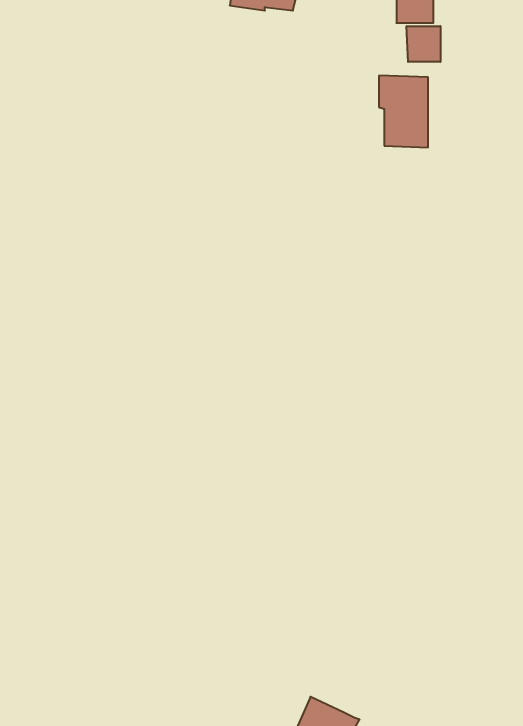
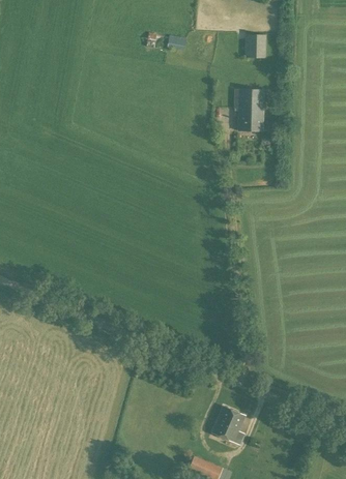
building: [407,26,440,62] -> none
building: none -> [212,406,247,442]

